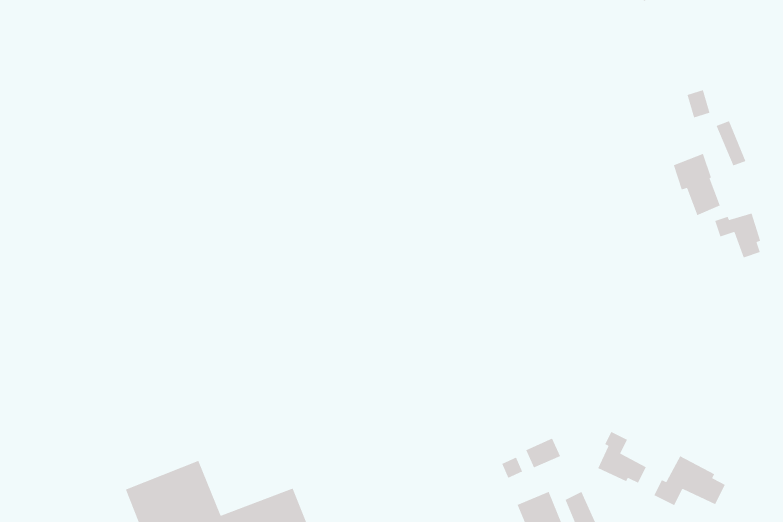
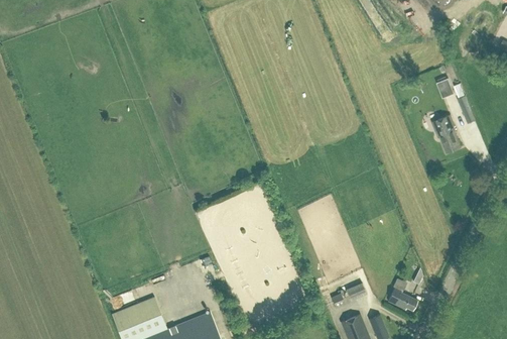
building: [714,212,761,259] -> none
building: [653,455,726,506] -> none

